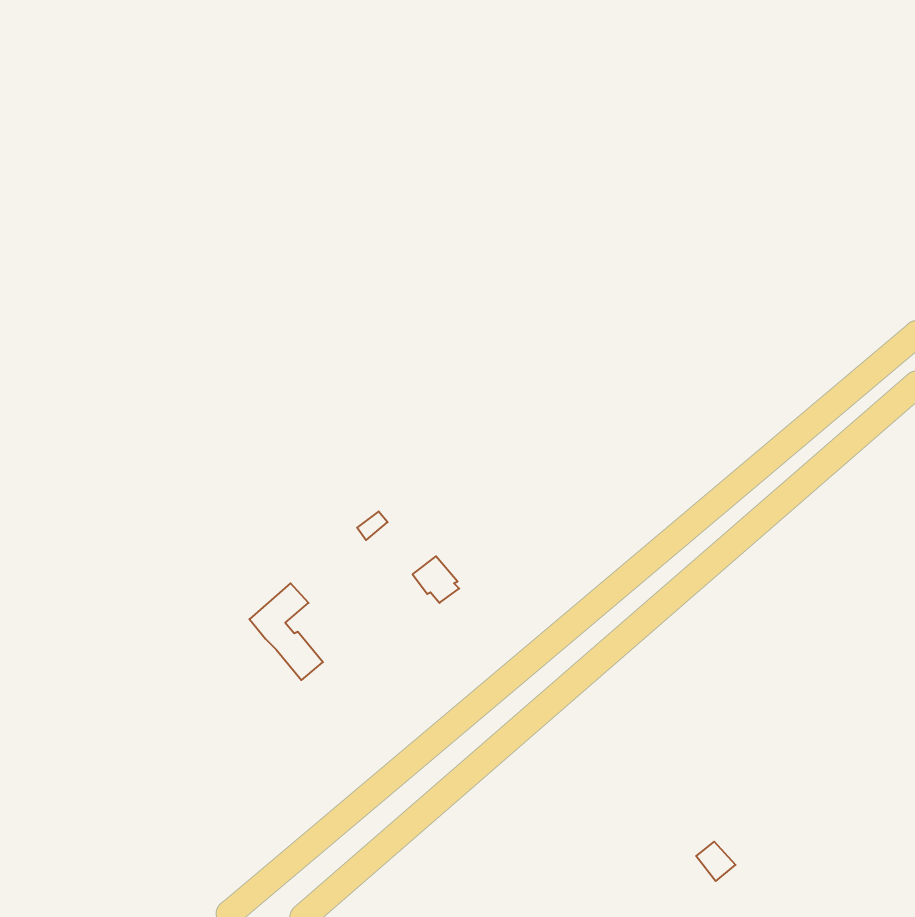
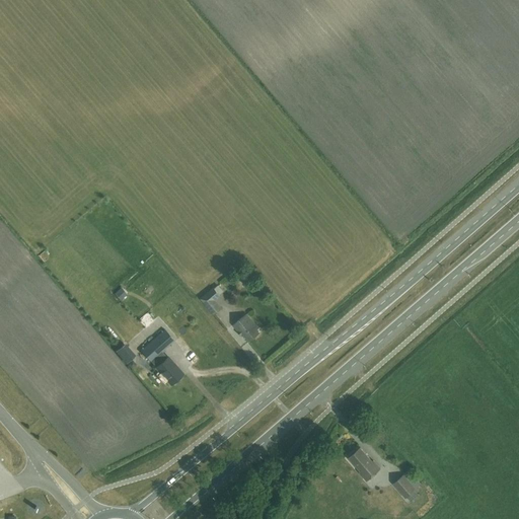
building: none -> [350,447,381,480]

